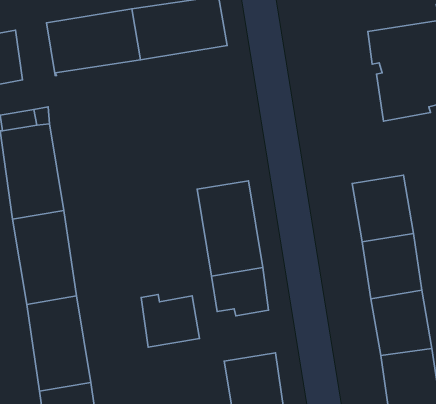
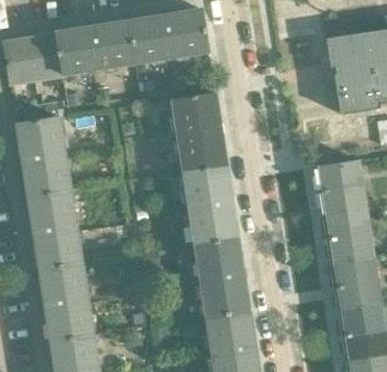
building: none -> [29,32,62,80]
building: none -> [171,92,225,172]
building: [141,295,199,347] -> [199,273,248,317]

